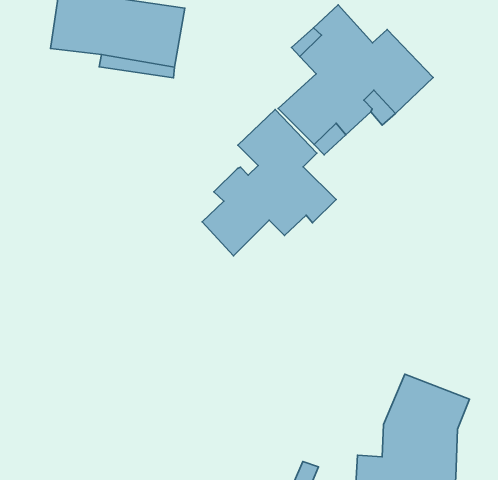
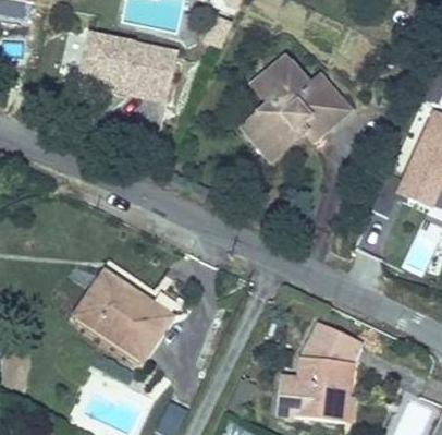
building: [202,110,336,256] -> none
building: none -> [75,270,172,358]

